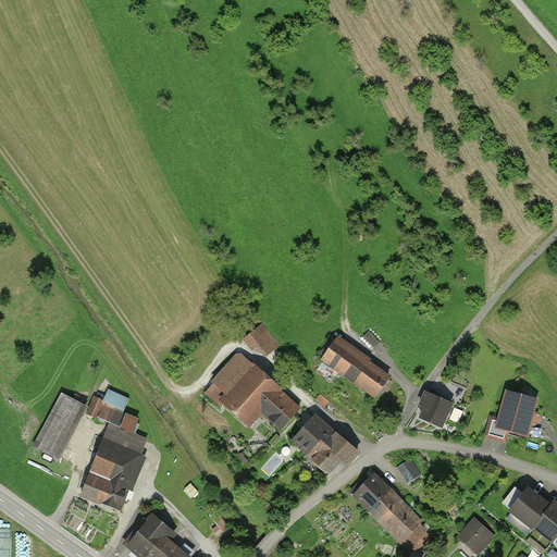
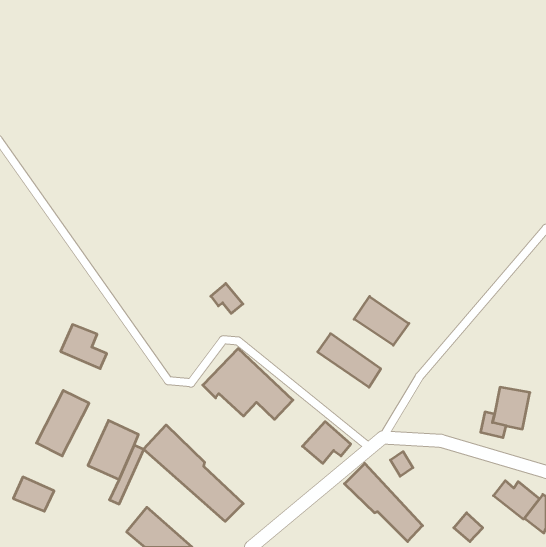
building: none -> [354,296,409,345]
building: [244,323,276,354] -> [211,283,243,313]
building: [92,386,139,431] -> [61,325,107,369]
building: [419,394,459,429] -> none
building: [289,412,330,453] -> none
building: none -> [143,425,243,521]
building: [79,472,121,507] -> [13,477,54,511]

